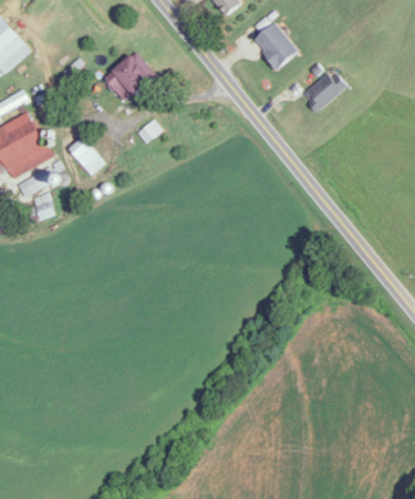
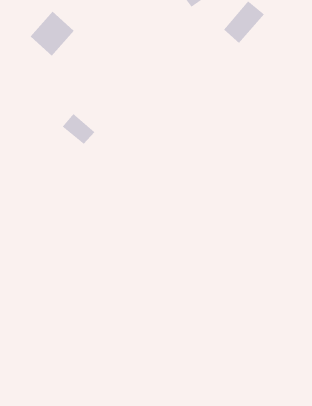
building: [71,141,104,174] -> [62,113,95,144]

